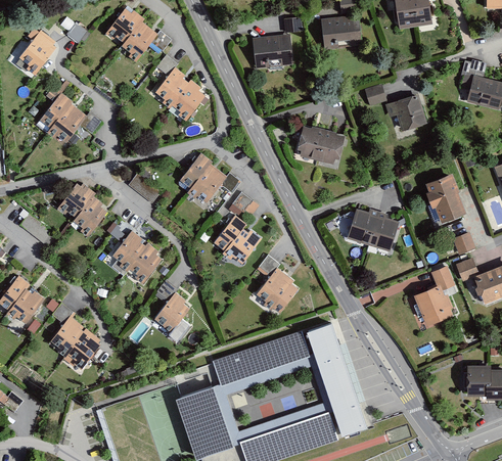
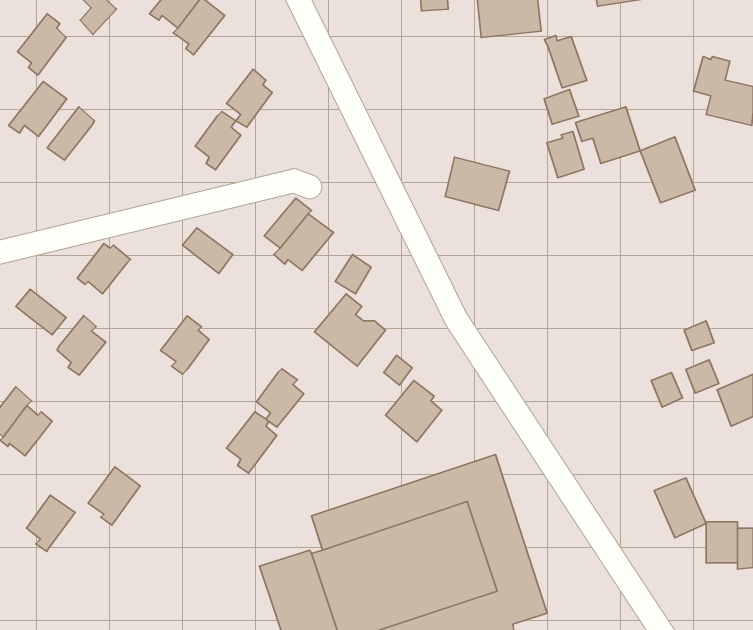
building: [250,34,291,67] -> none
building: none -> [545,35,587,88]
building: [172,82,201,120] -> [195,112,241,170]
building: [47,105,85,141] -> [9,81,67,136]
building: none -> [547,132,584,178]
building: [427,179,463,222] -> [640,137,695,203]
building: [75,195,106,234] -> [57,315,106,375]
building: [350,214,397,252] -> none
building: [131,243,162,281] -> [257,369,304,427]
building: [415,285,449,324] -> [654,478,706,538]
building: [52,317,84,354] -> [26,495,75,552]

